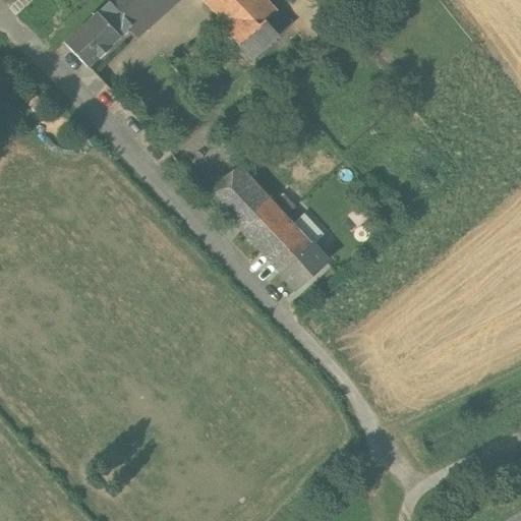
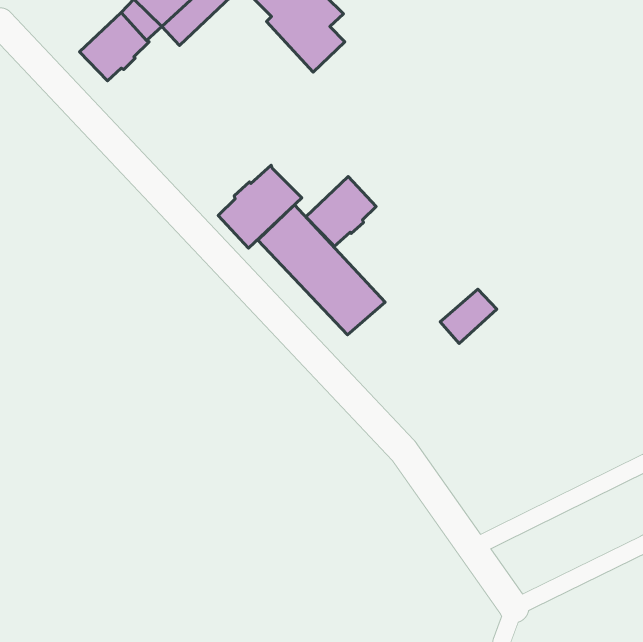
building: none -> [218,165,302,248]
building: none -> [306,176,376,247]
building: [282,243,328,287] -> [440,289,497,343]

